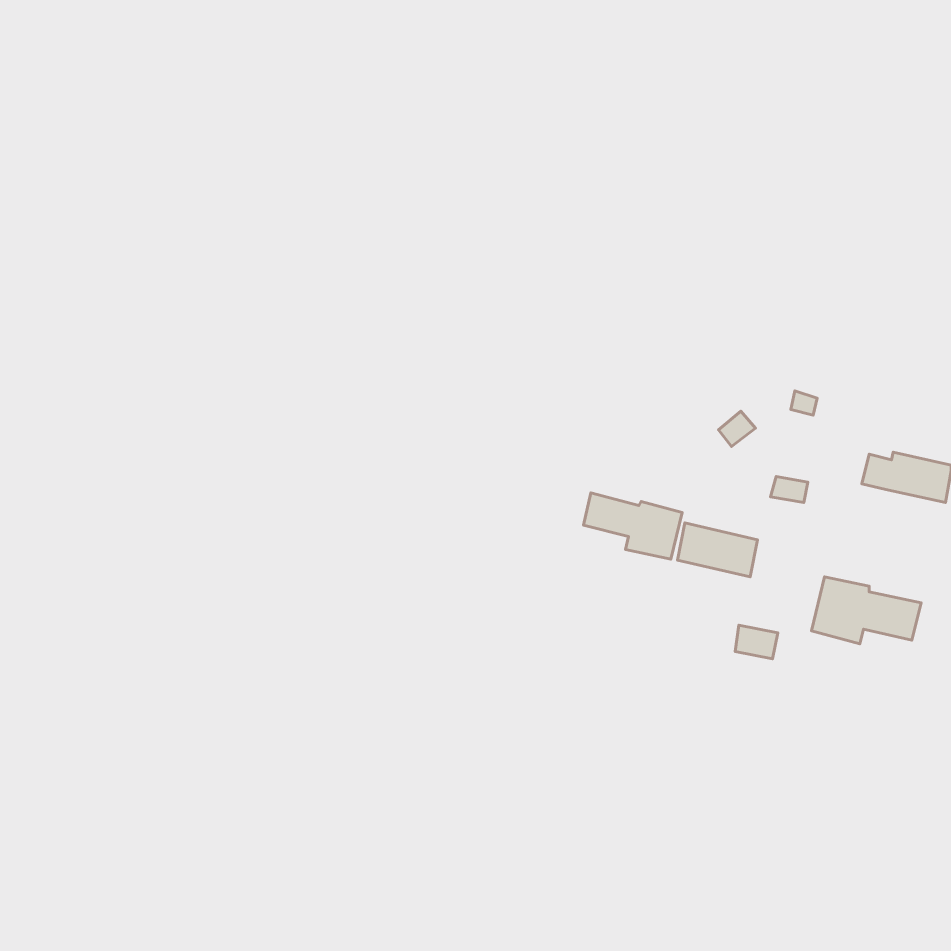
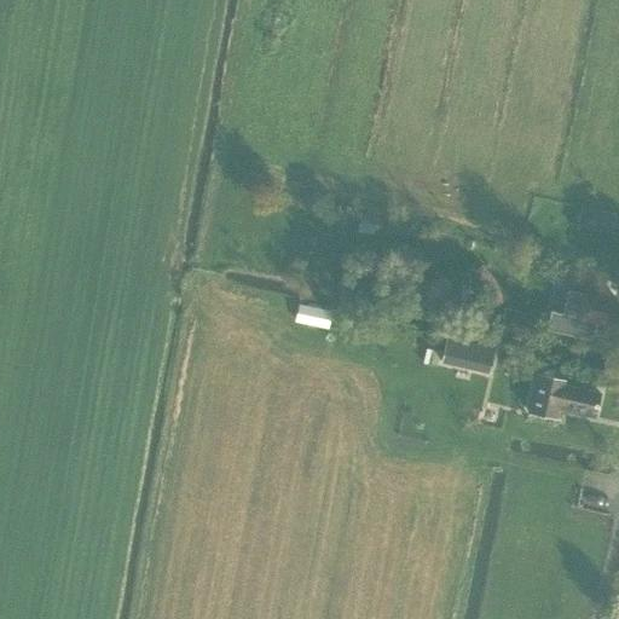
building: [584,493,682,559] -> none

